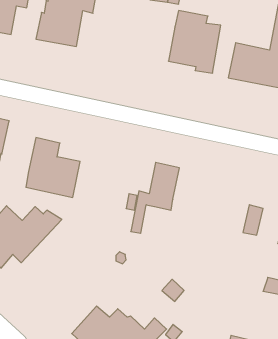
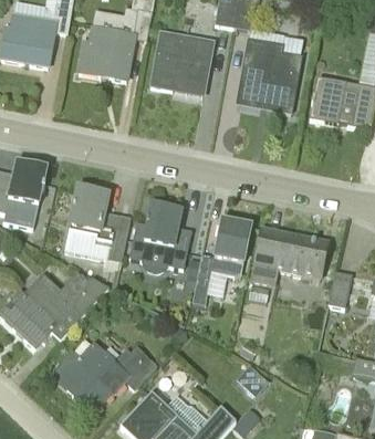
building: none -> [149,31,212,91]
building: none -> [128,206,190,272]
building: none -> [250,229,327,285]
building: none -> [51,337,156,412]

